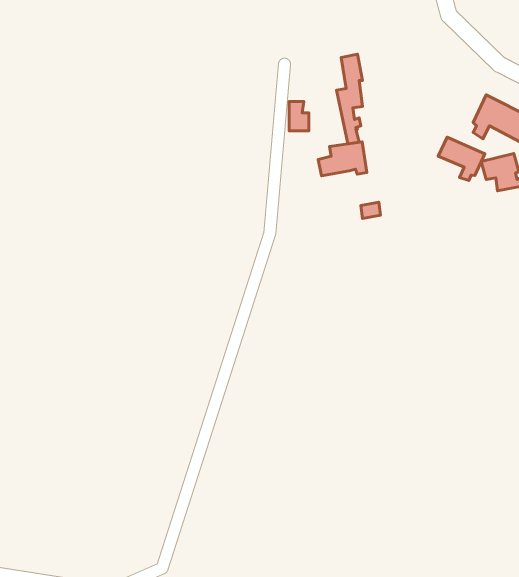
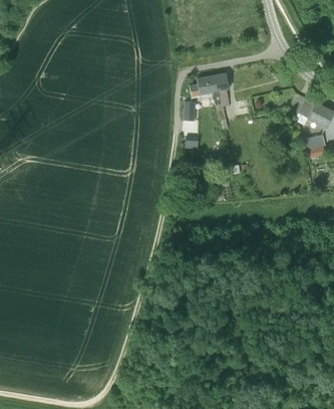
building: [438,137,485,180] -> none
building: [318,142,367,176] -> [189,74,219,95]

